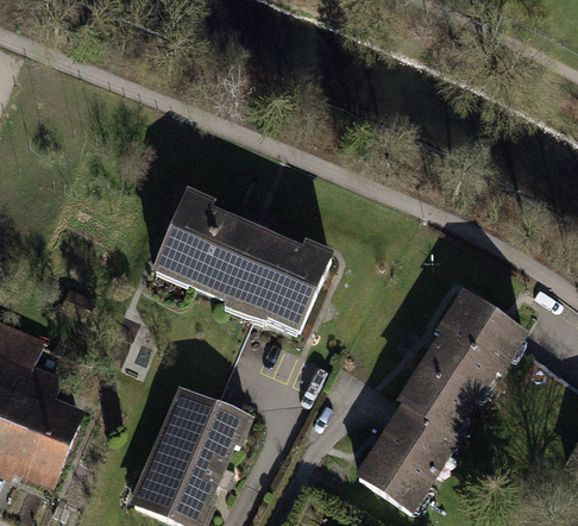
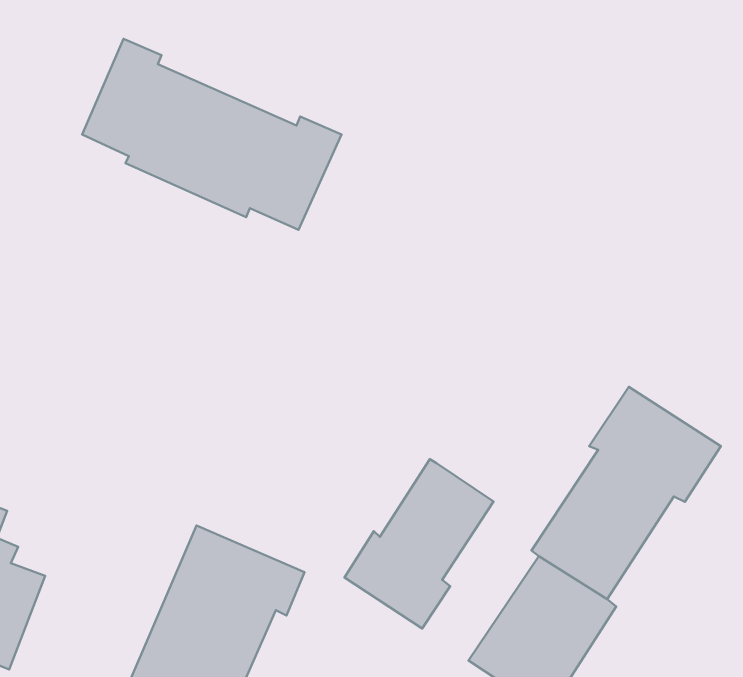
building: [159,195,331,321] -> [82,39,342,230]
building: none -> [344,459,494,629]

